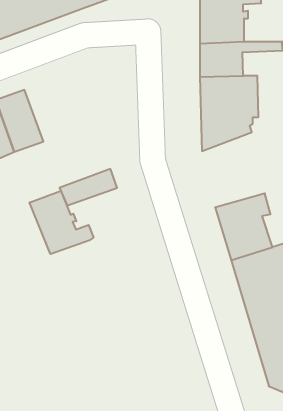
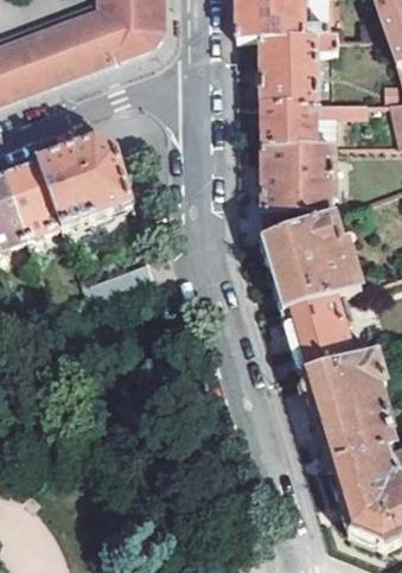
building: none -> [42,138,133,225]
building: none -> [261,209,356,306]
building: [30,191,93,254] -> none

